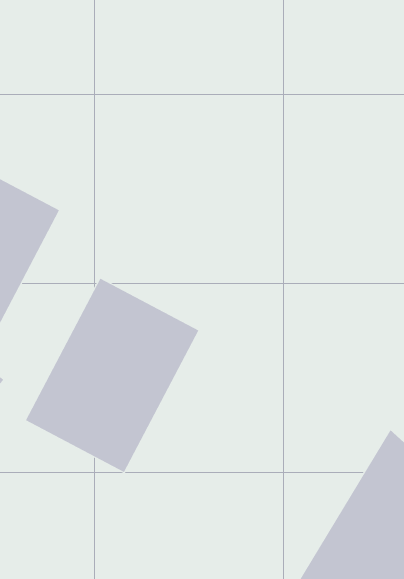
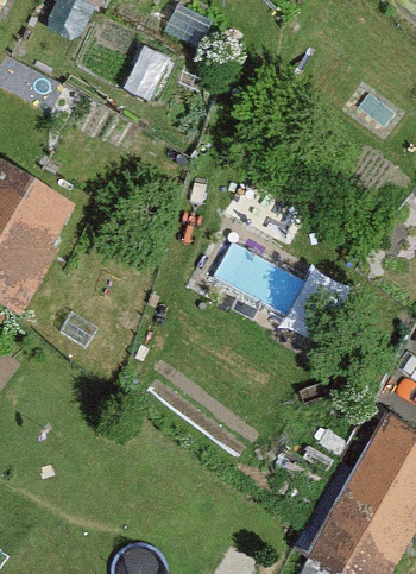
building: [25,278,199,473] -> none

